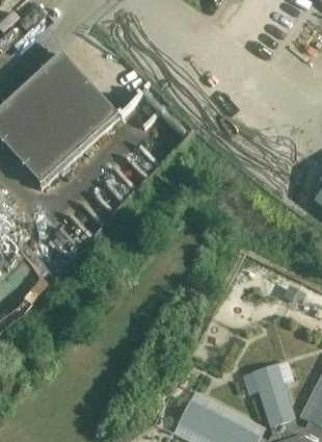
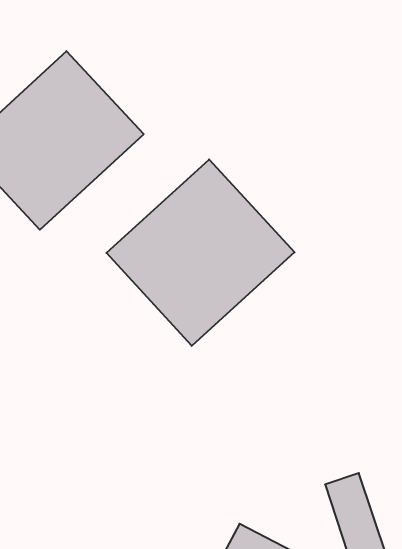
building: none -> [106,159,295,346]

